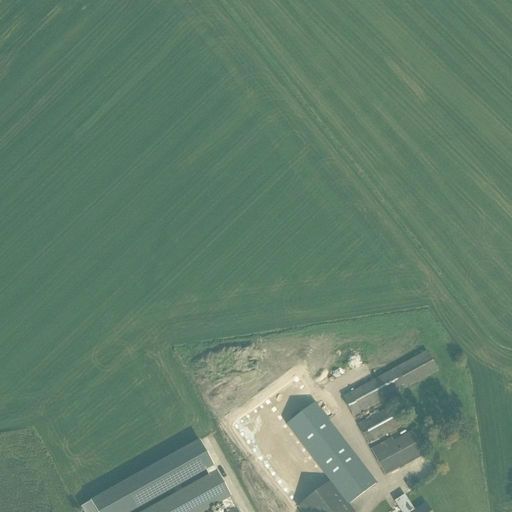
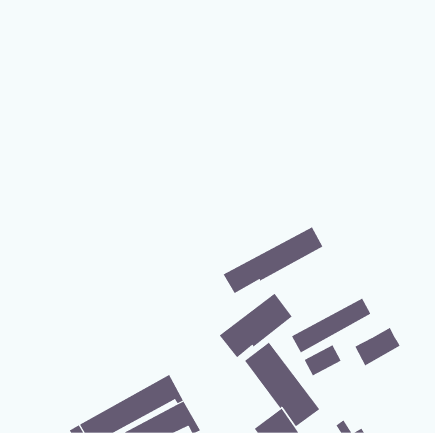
building: none -> [223,226,323,294]
building: none -> [219,293,293,358]
building: [373,428,427,474] -> [354,327,400,366]

